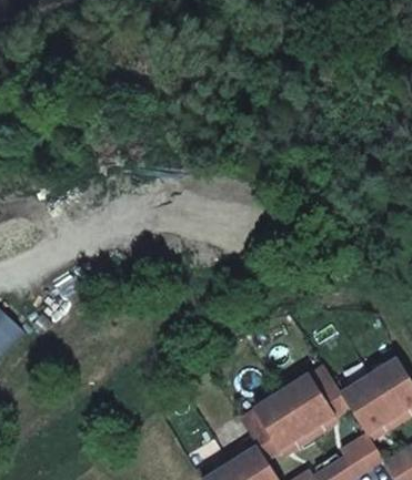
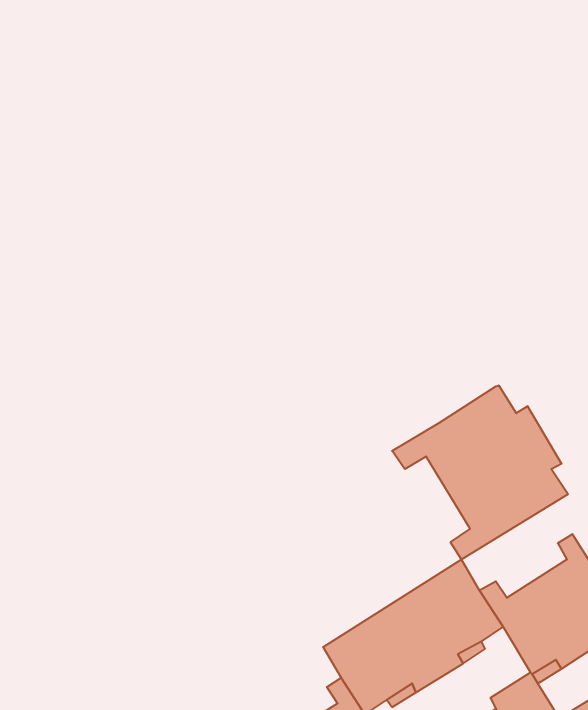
building: none -> [392,385,568,560]

